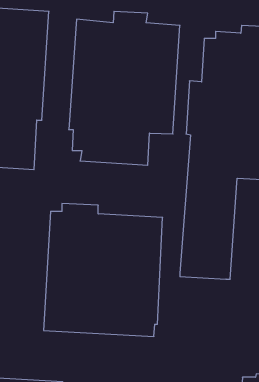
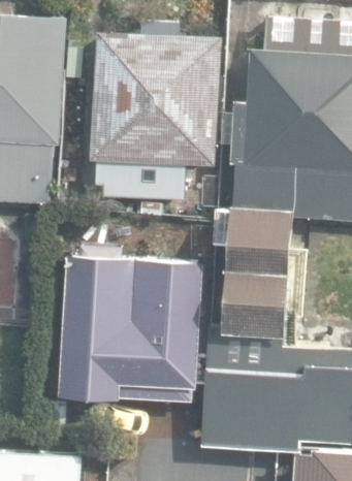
building: none -> [201,329,305,452]

